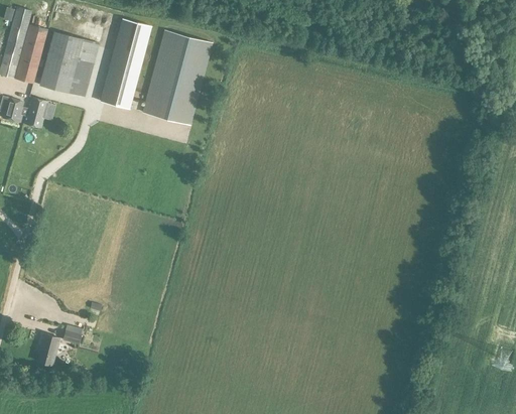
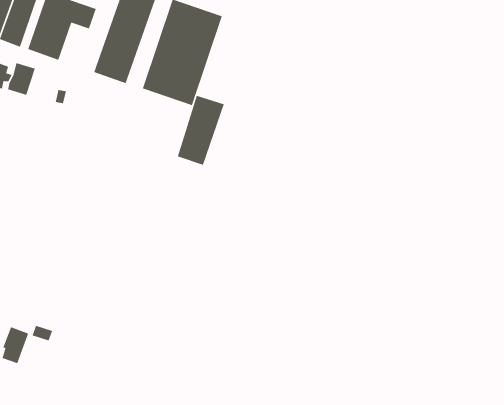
building: [68,58,93,97] -> none
building: none -> [177,95,225,166]

